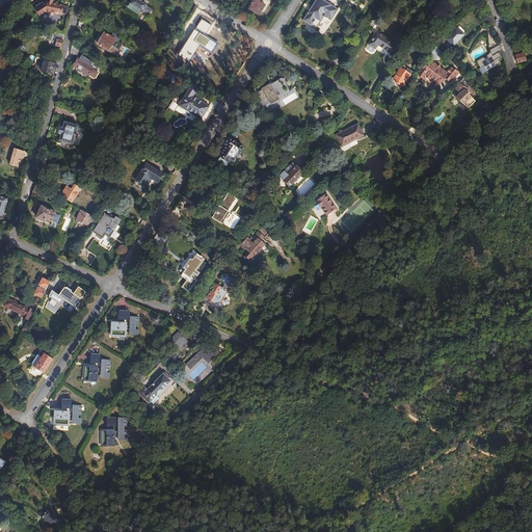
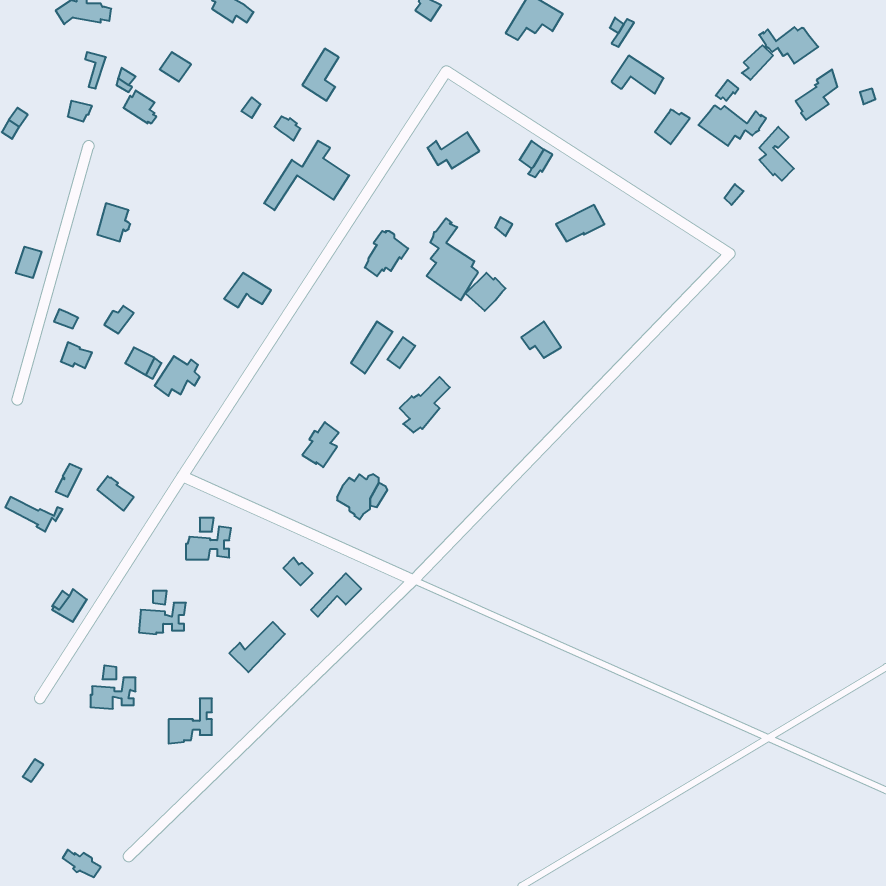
building: none -> [759,27,818,64]
building: none -> [427,218,478,300]

